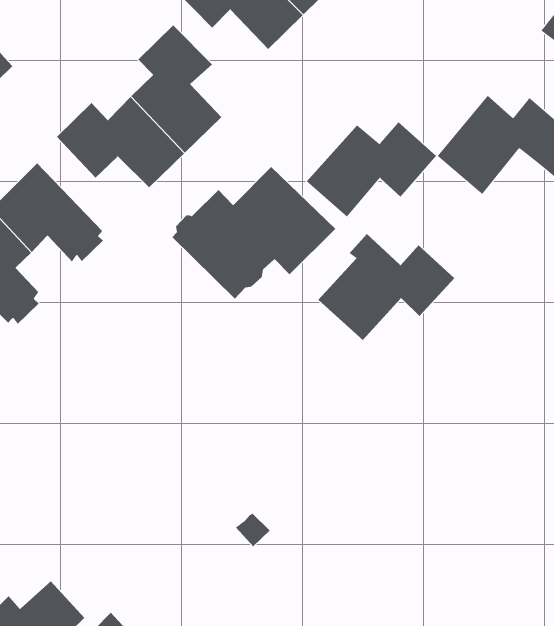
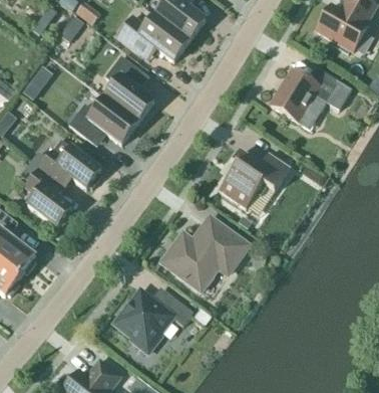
building: [306,122,437,218] -> none
building: [172,166,336,300] -> [162,217,249,290]
building: none -> [115,290,194,352]

